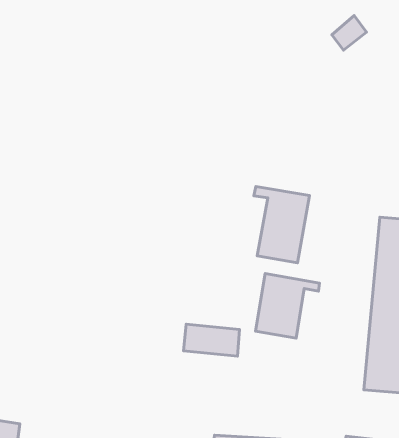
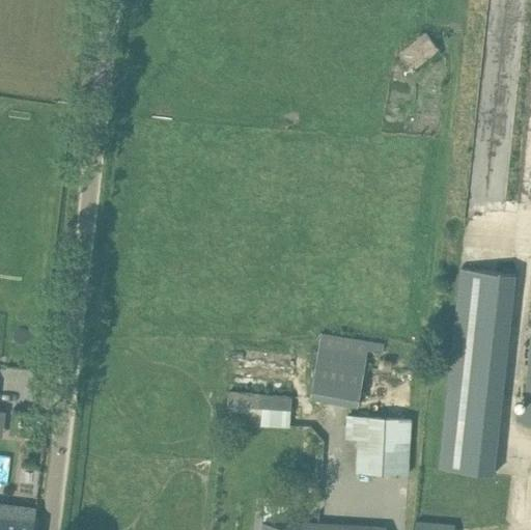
building: [254,187,309,263] -> none
building: none -> [348,417,415,476]

